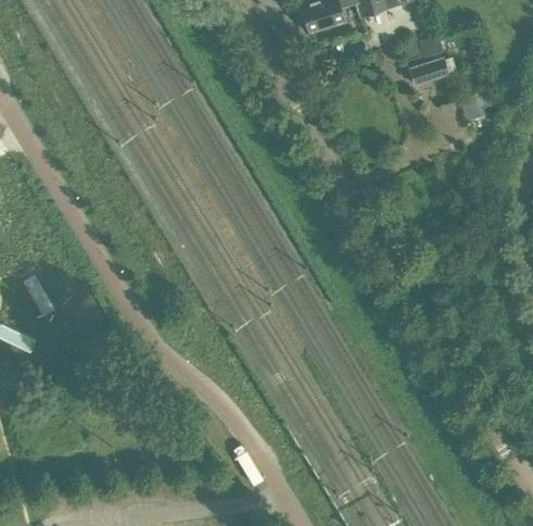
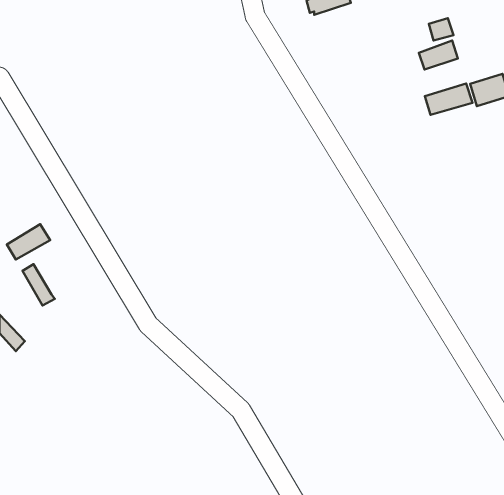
building: none -> [425,83,473,115]
building: none -> [7,224,50,260]

